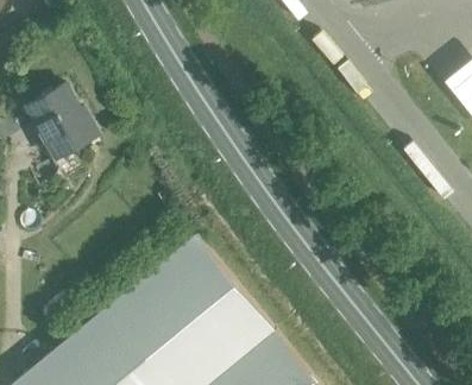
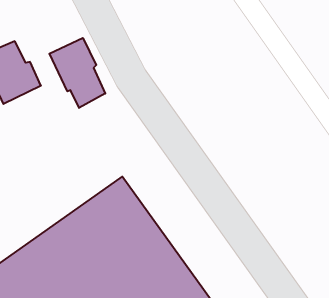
building: none -> [49,38,105,108]

